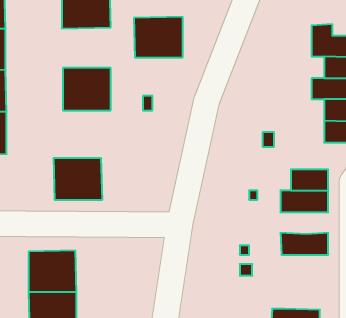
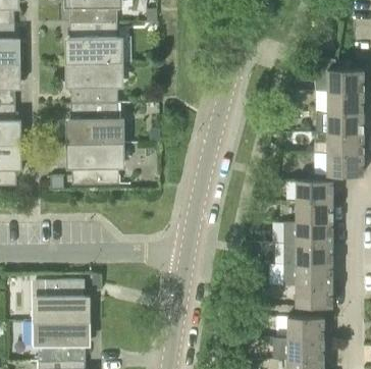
building: [134,17,183,57] -> [70,62,118,102]
building: none -> [295,180,331,202]
building: [53,158,102,200] -> [71,144,119,185]
building: none -> [284,244,331,265]
building: none -> [296,285,331,307]
building: none -> [288,317,324,339]

